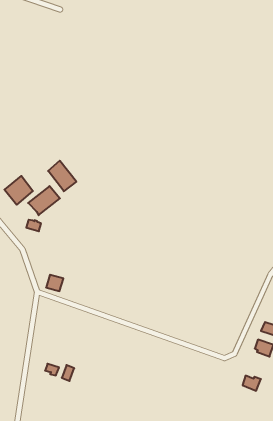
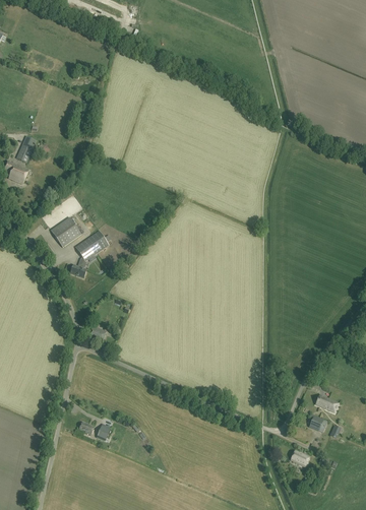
building: [48,161,76,191] -> none

